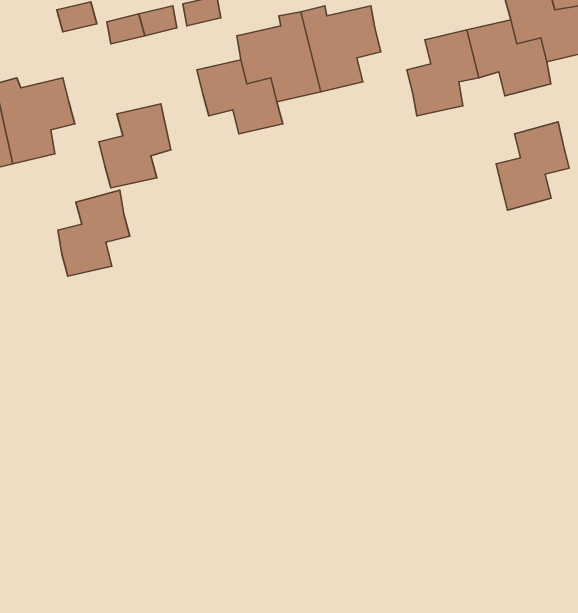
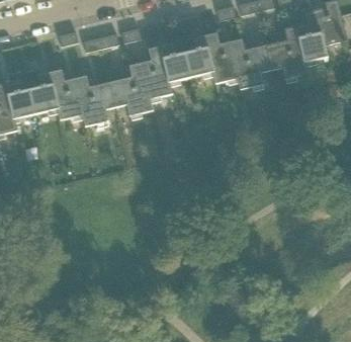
building: none -> [208,38,246,82]
building: none -> [109,77,152,114]
building: [496,122,569,210] -> none
building: [58,190,130,276] -> [54,75,90,118]

